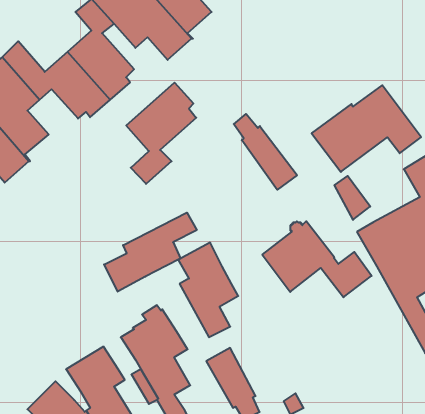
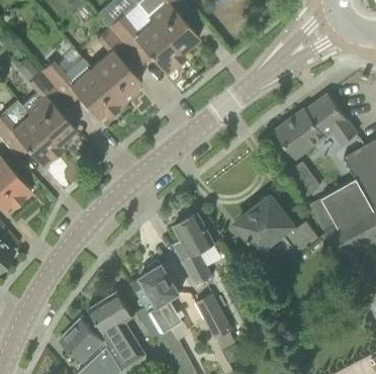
building: [126,83,196,184] -> none
building: [234,114,297,190] -> none
building: [104,213,197,292] -> none

